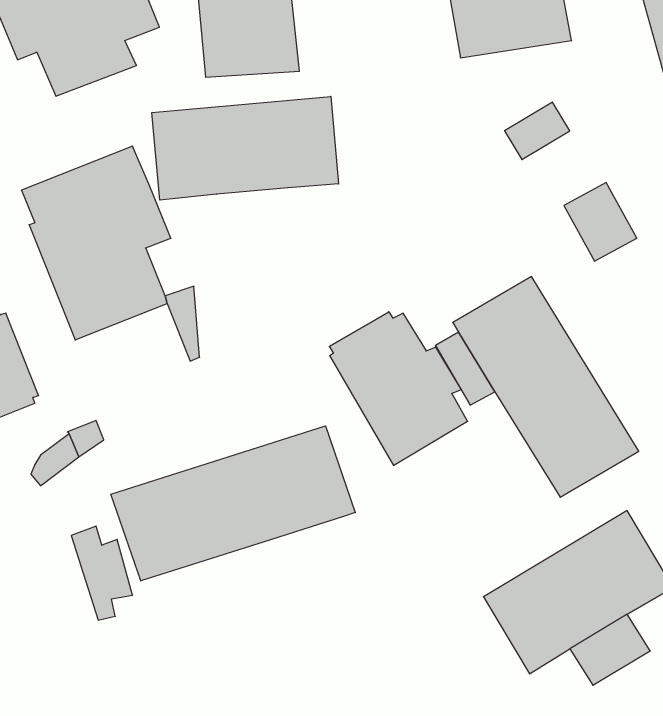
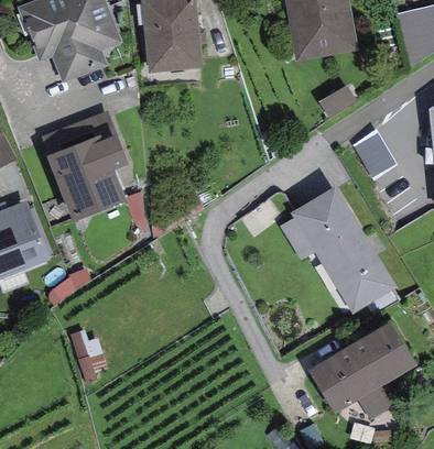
building: [152,96,339,200] -> none
building: [329,312,468,465] -> none
building: [111,426,355,581] -> none

